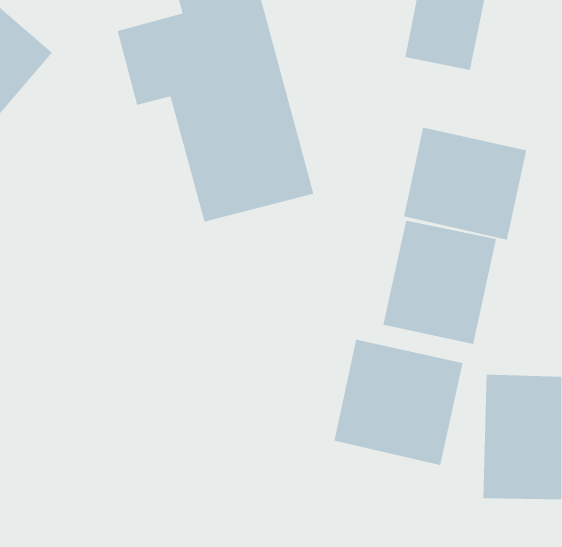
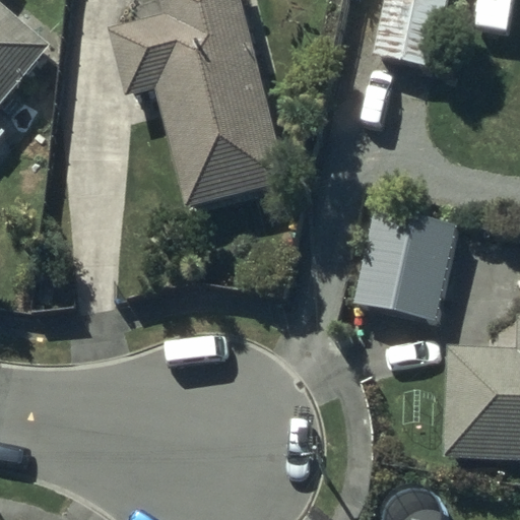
building: [403,127,527,240] -> none
building: [334,339,463,466] -> none

